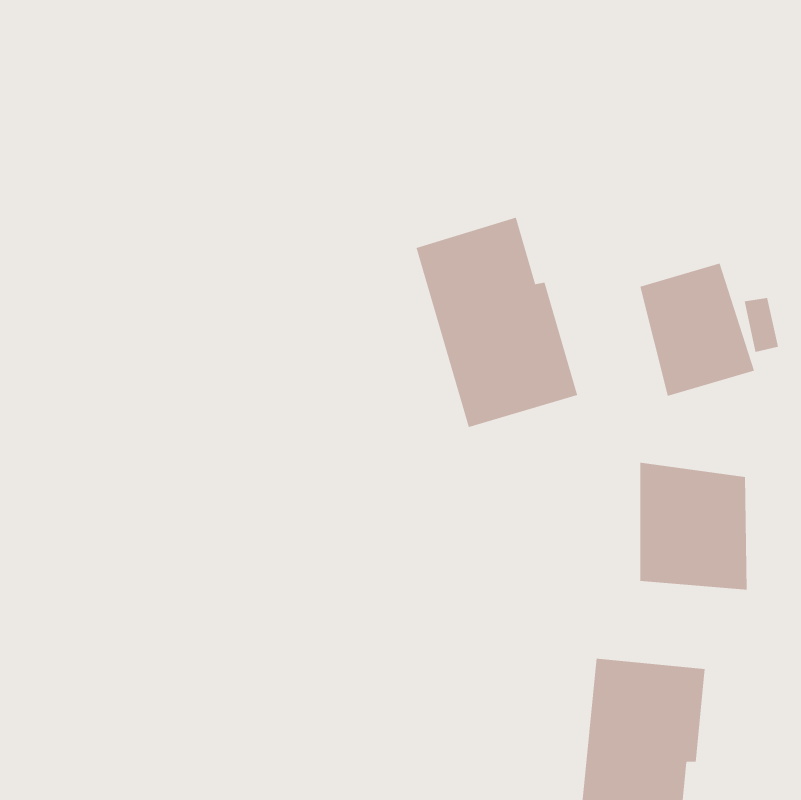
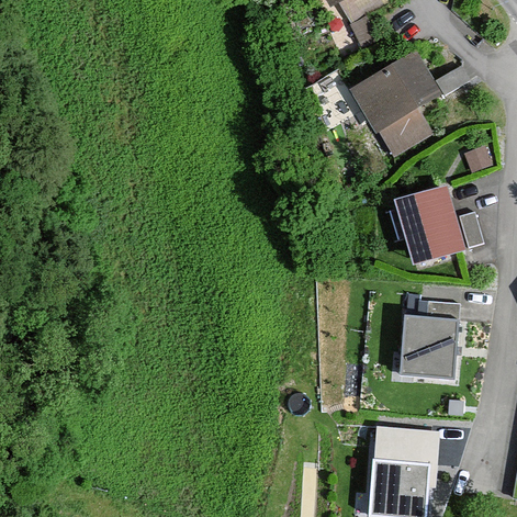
building: none -> [350,50,440,157]
building: [416,217,578,428] -> none

